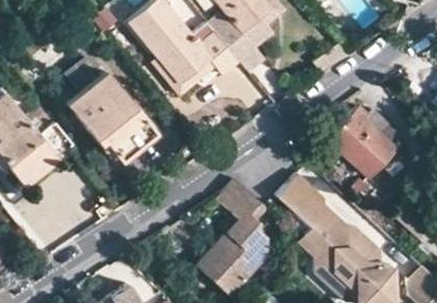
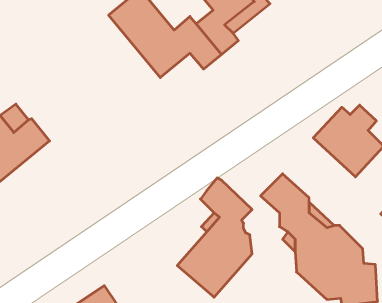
building: [151,57,217,97] -> none
building: [66,71,156,165] -> none

